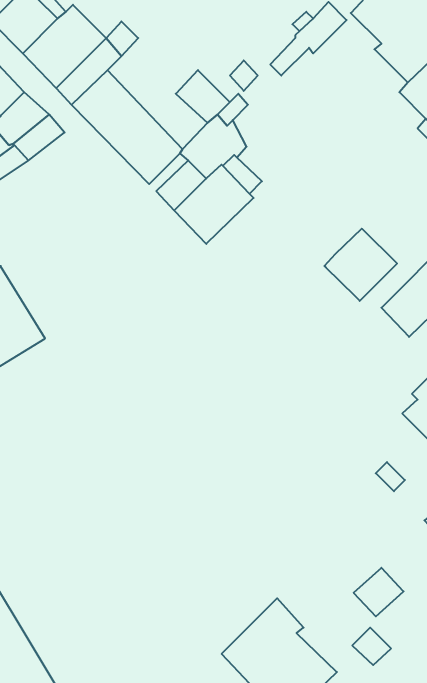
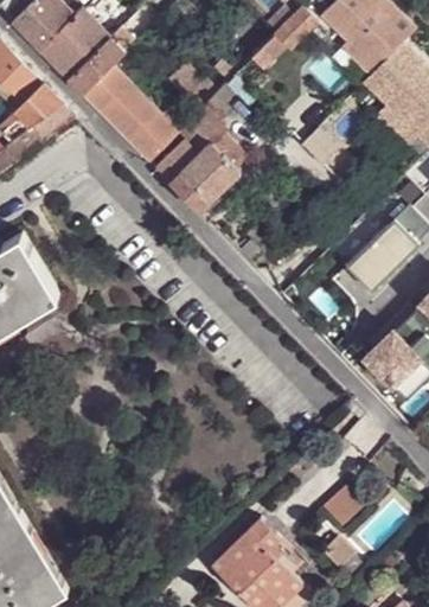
building: [324,229,397,301] -> none

